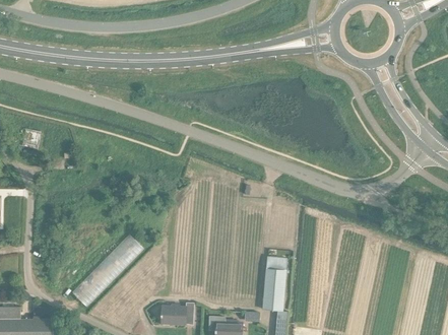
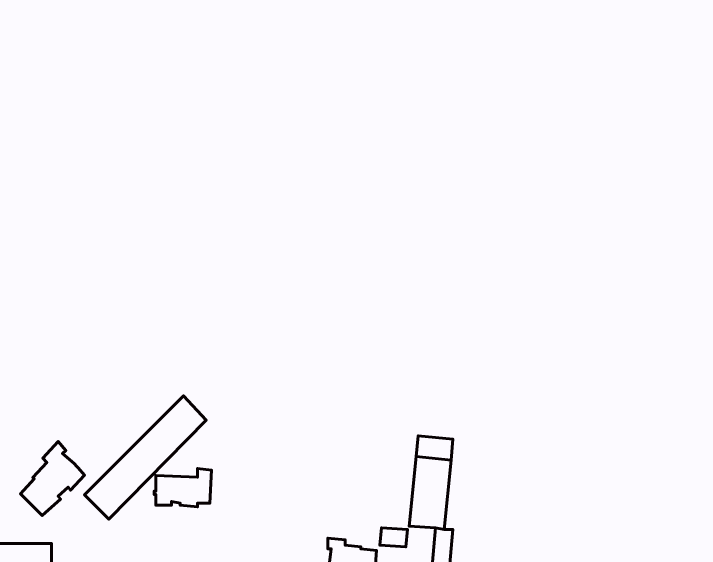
building: none -> [20,442,84,516]
building: [161,302,194,324] -> [154,469,211,507]

